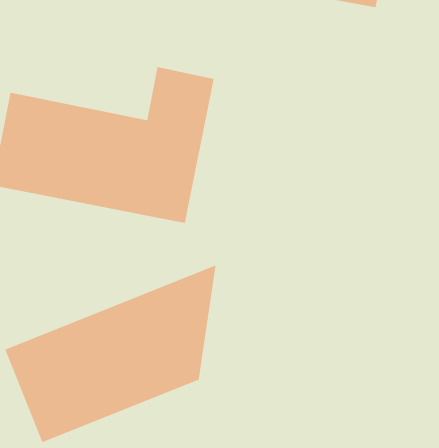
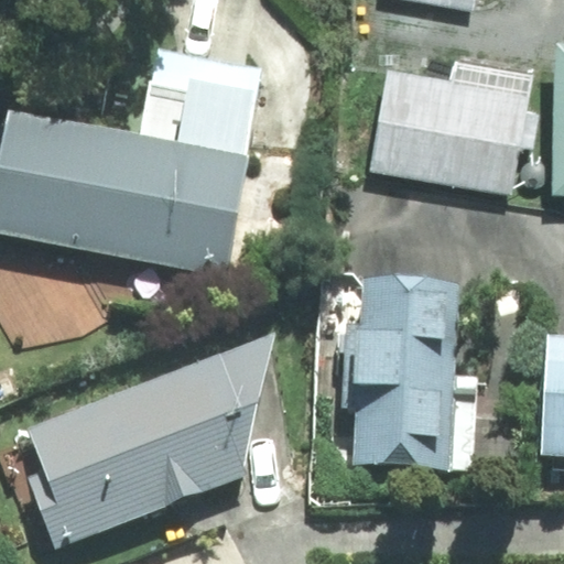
building: none -> [366,47,539,180]
building: none -> [351,279,477,474]

